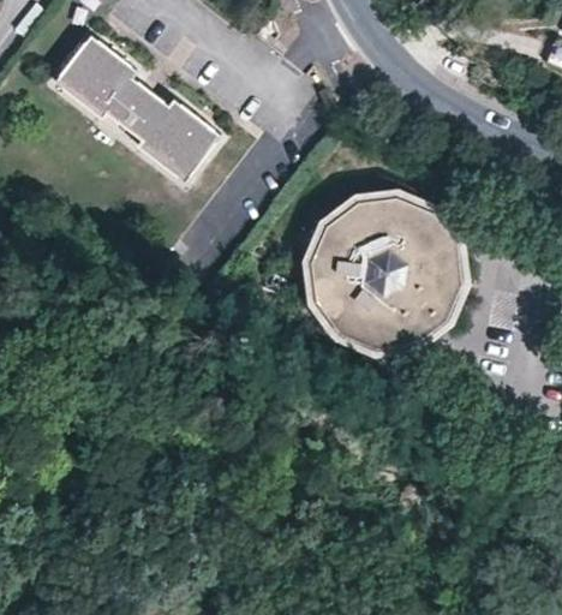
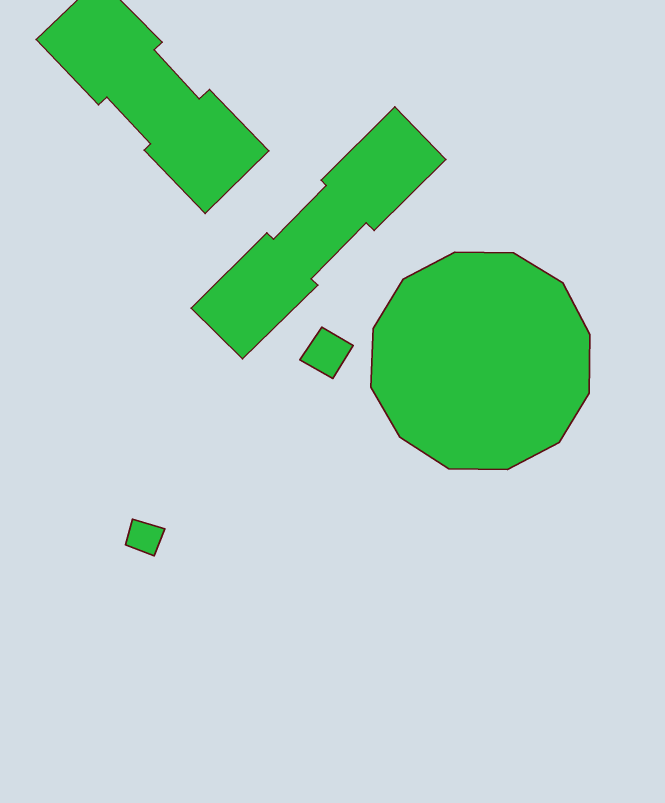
building: none -> [191,107,446,359]

